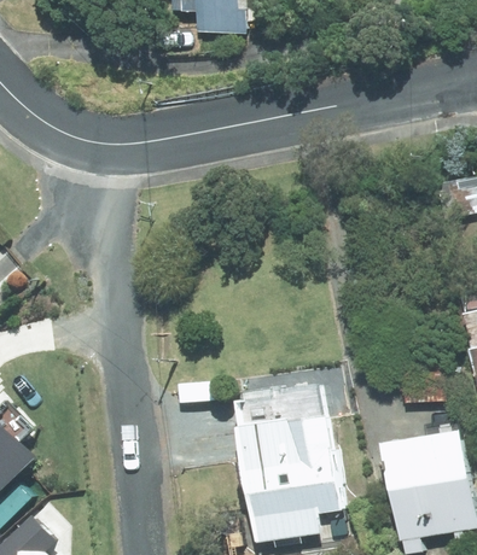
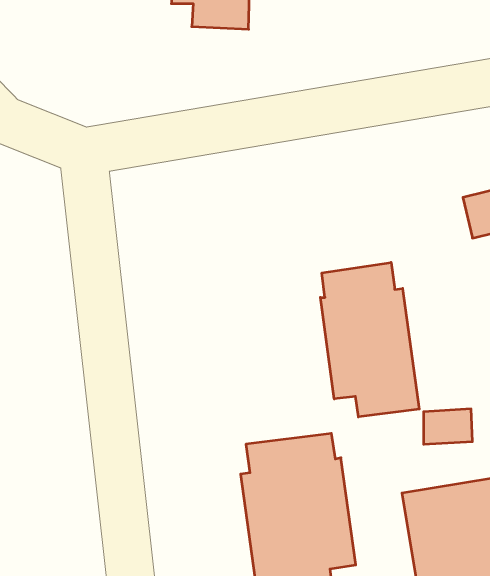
building: none -> [320,262,419,417]

